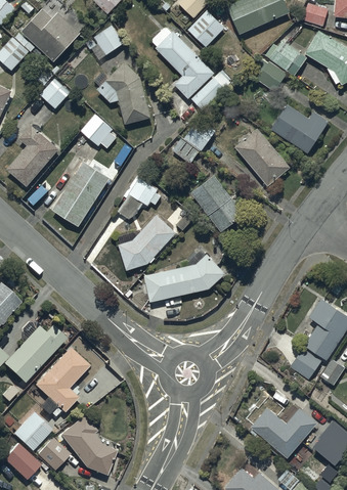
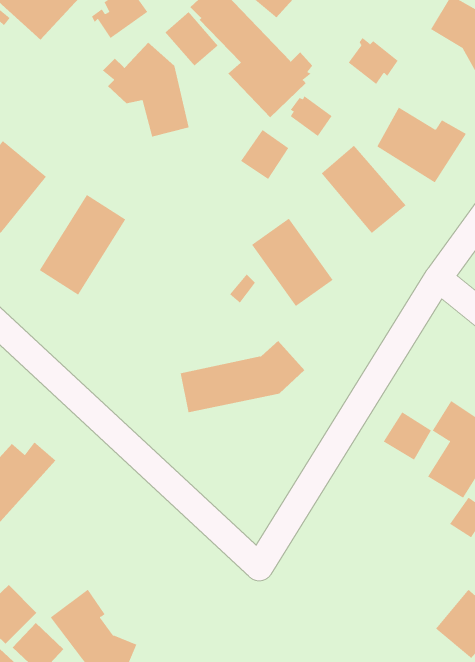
building: [266,41,307,76] -> none
building: none -> [164,11,219,67]
building: [40,79,70,109] -> none
building: [81,115,114,147] -> none
building: [172,137,200,164] -> [290,96,333,137]
building: [118,175,176,271] -> none
building: [34,342,88,407] -> none
building: [289,345,320,376] -> [383,411,432,461]
building: [251,403,315,452] -> none

